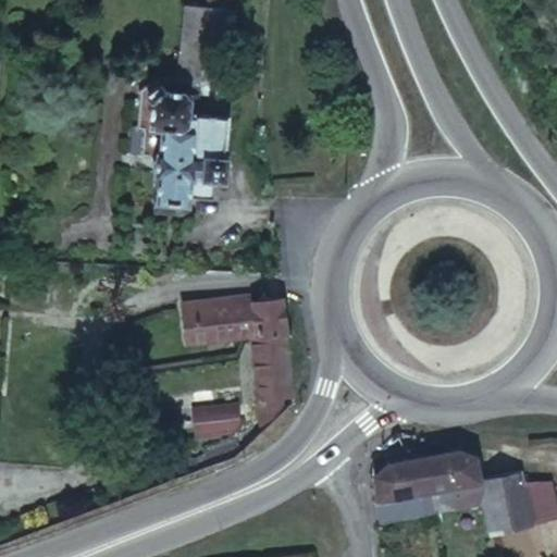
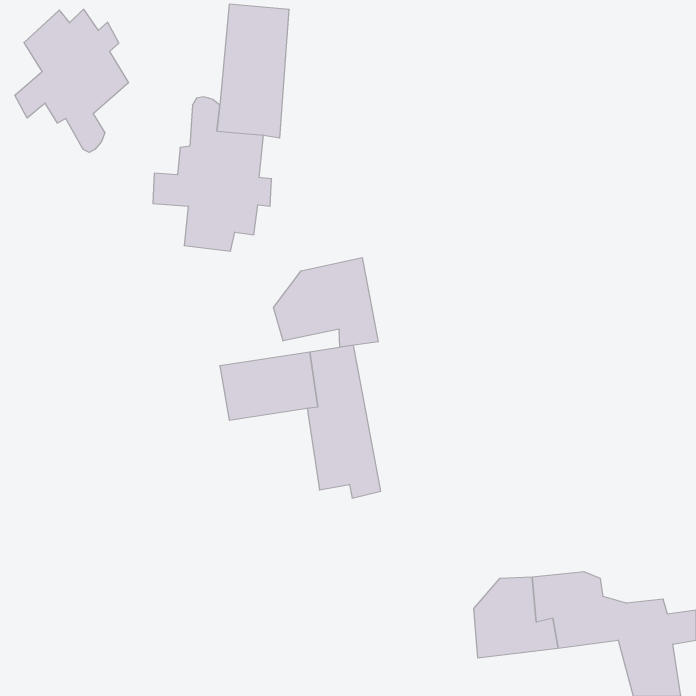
building: none -> [15,9,128,152]
building: none -> [274,258,378,347]
building: [188,400,239,440] -> none

